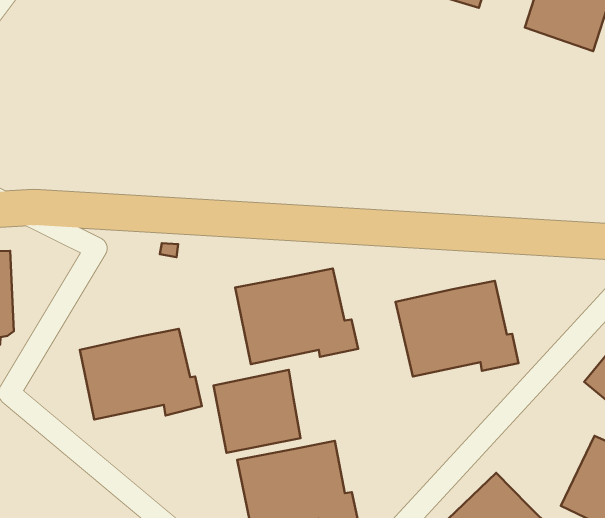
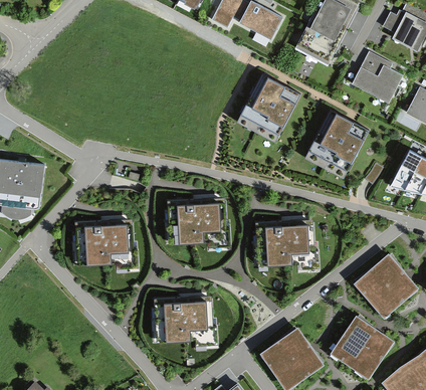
building: none -> [238,70,301,138]
building: none -> [305,107,369,174]
building: [214,370,301,453] -> none

